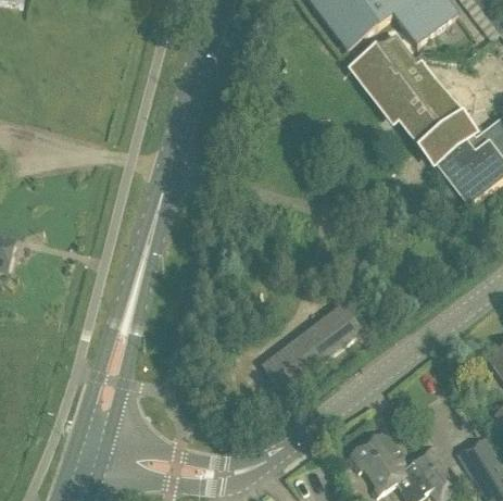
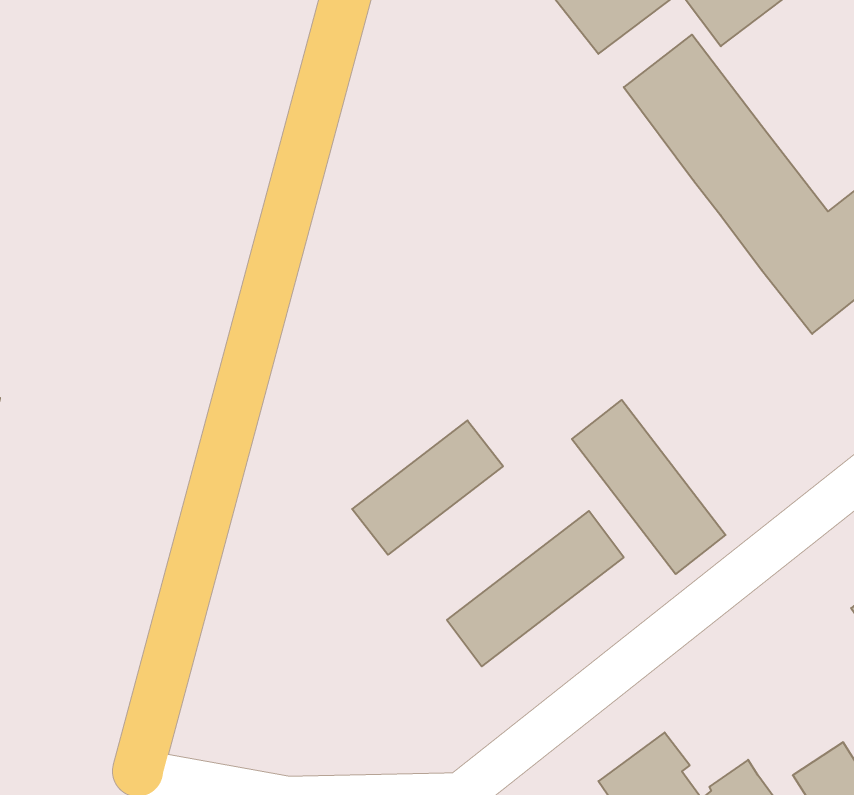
building: none -> [572,400,726,574]
building: none -> [352,420,503,555]

